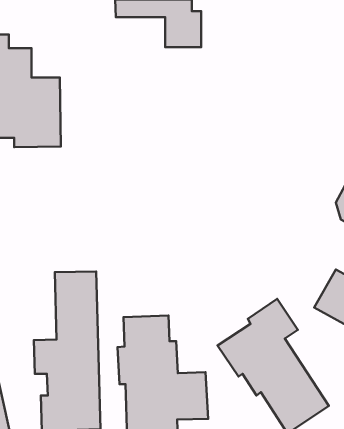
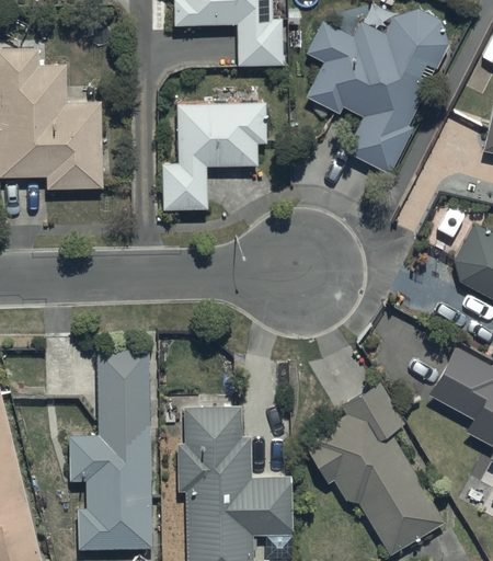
building: none -> [305,9,449,174]
building: none -> [159,104,265,211]

